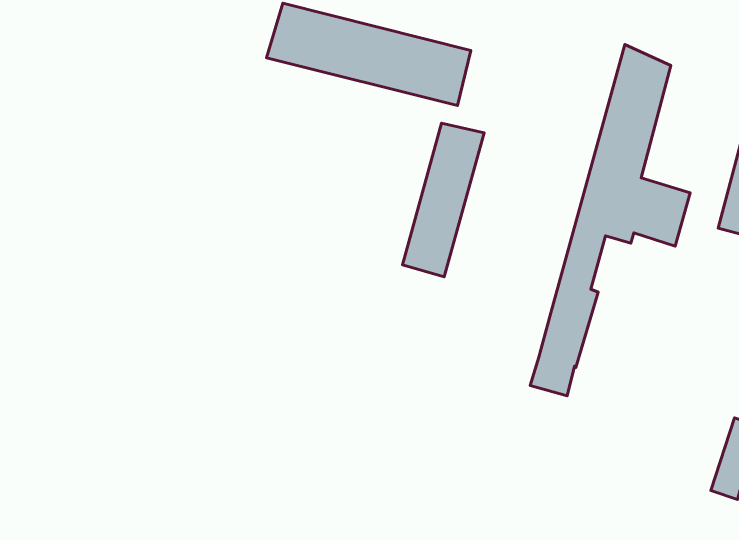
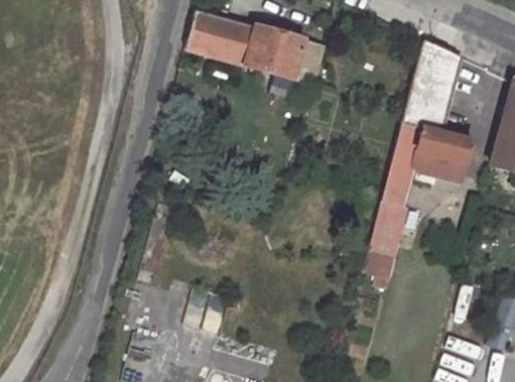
building: [403,123,484,277] -> none

